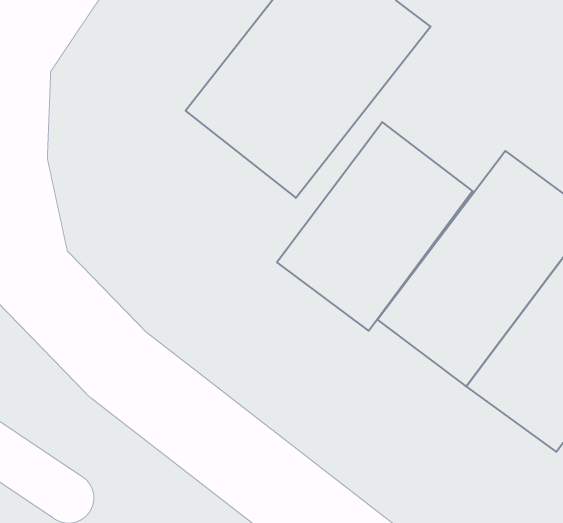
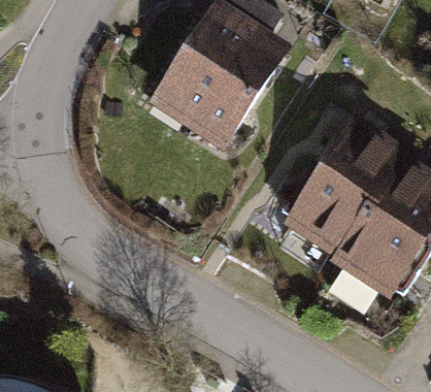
building: [277,122,473,331] -> none

